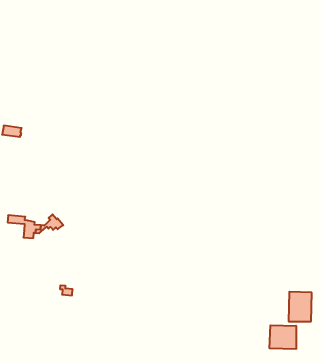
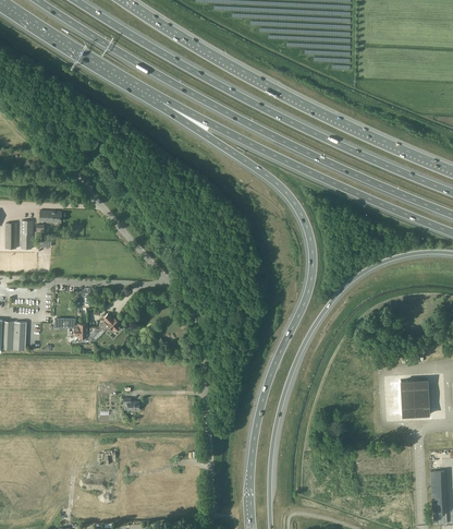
building: [270,325,296,349] -> none

